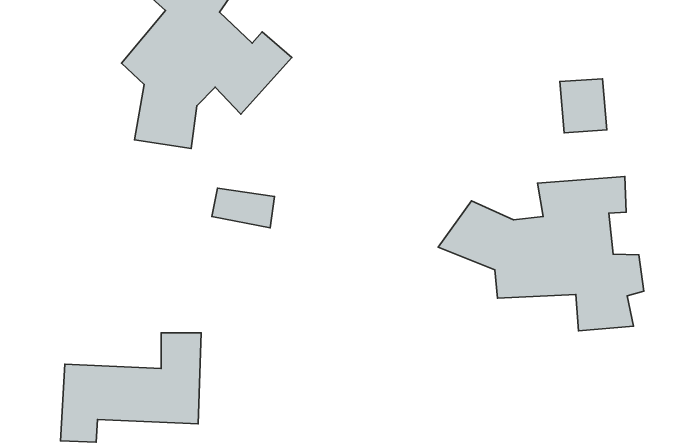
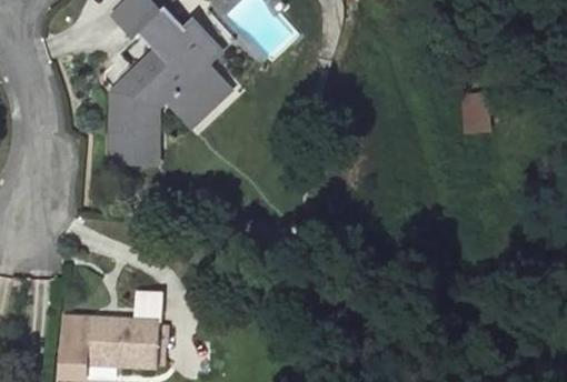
building: [438,177,644,331] -> none
building: [212,188,274,228] -> [110,141,159,172]

